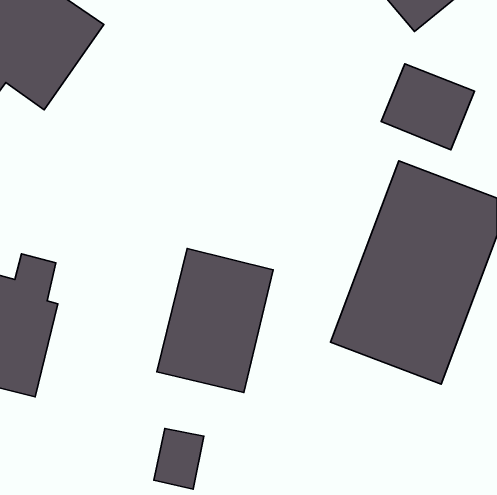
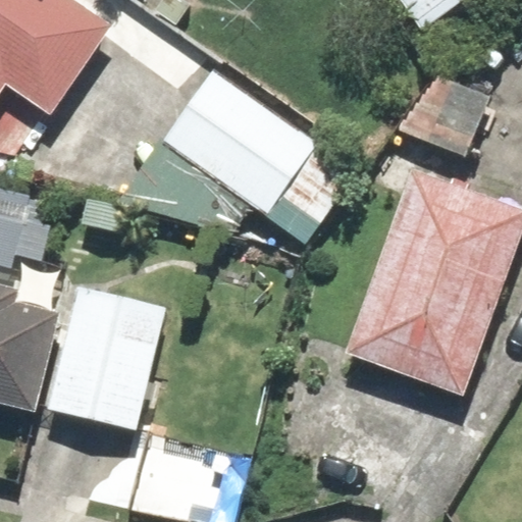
building: none -> [121,69,310,237]
building: [157,248,273,392] -> [48,282,169,432]

